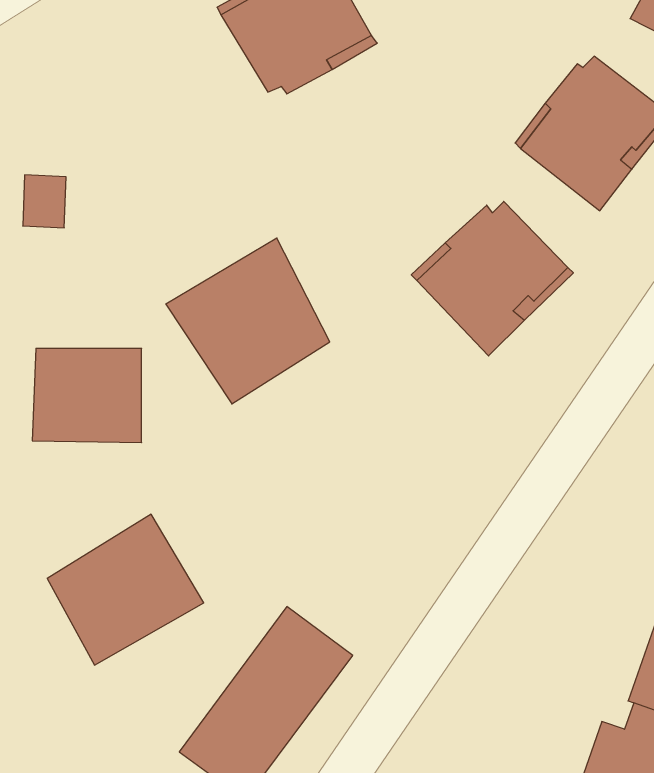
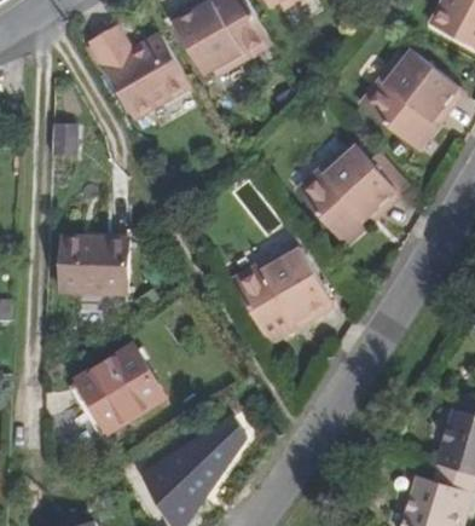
building: none -> [79,24,189,123]
building: [166,238,330,404] -> [222,238,328,345]

